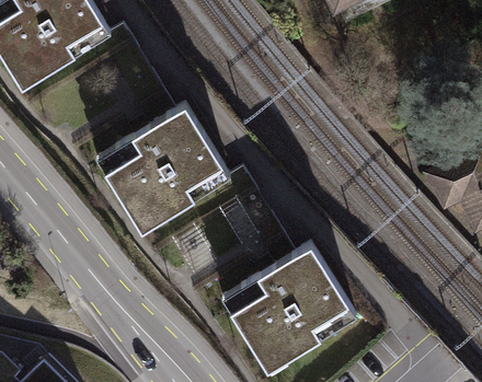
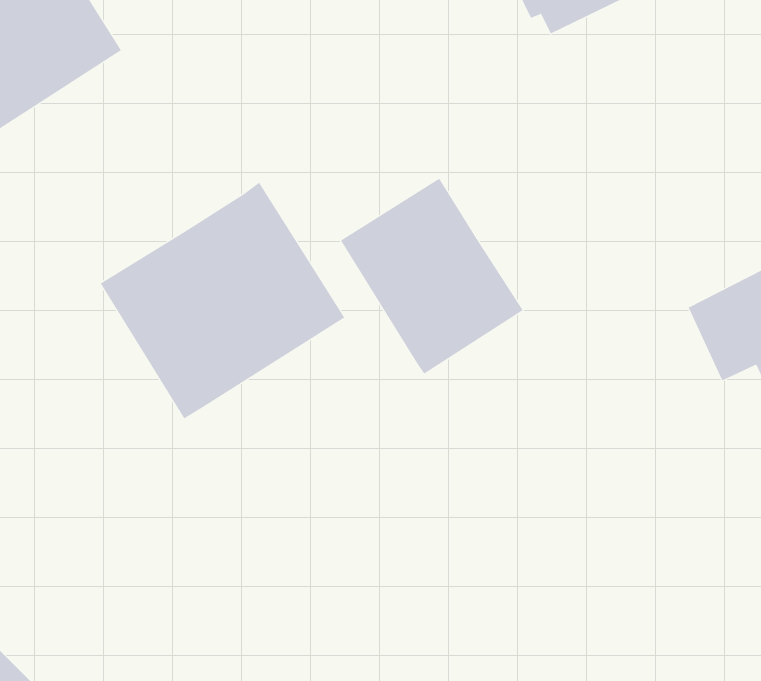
building: none -> [340,178,523,374]
building: [225,246,359,374] -> none

